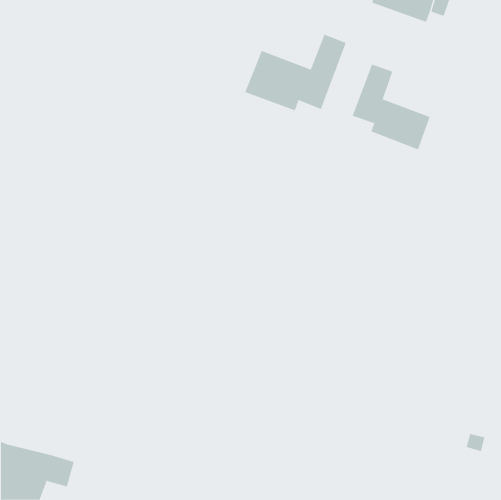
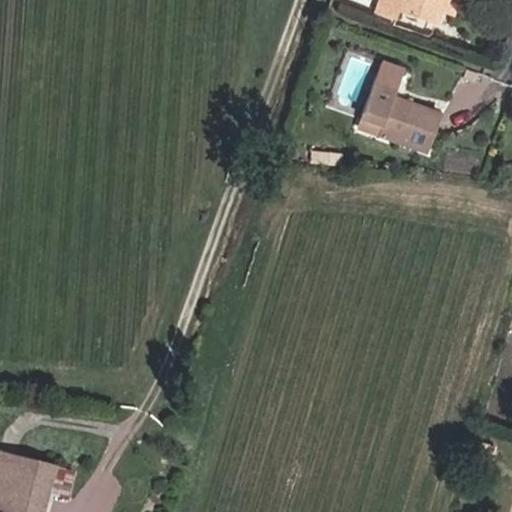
building: [245,34,347,111] -> none

